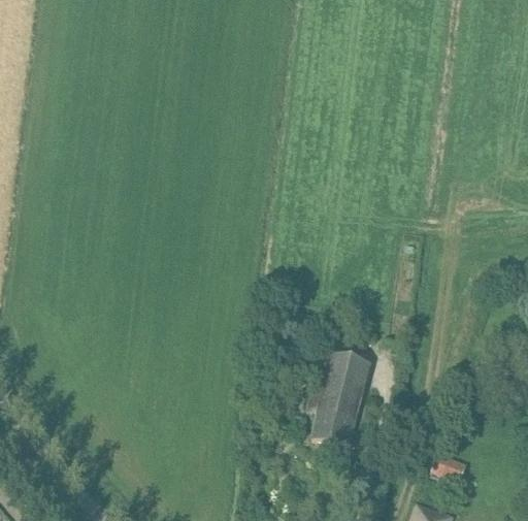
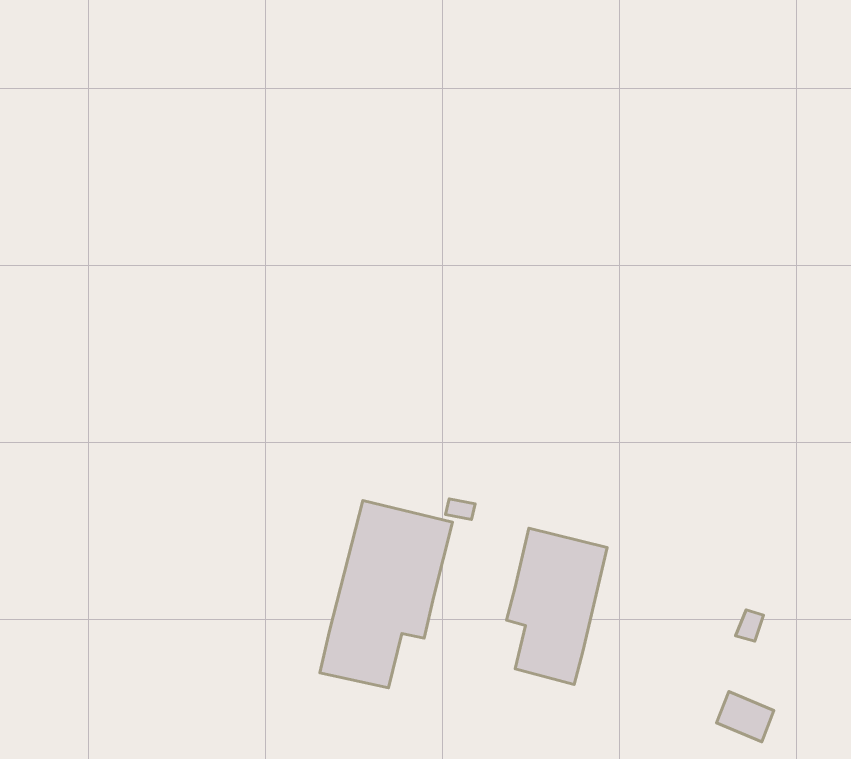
building: none -> [320,500,452,688]

